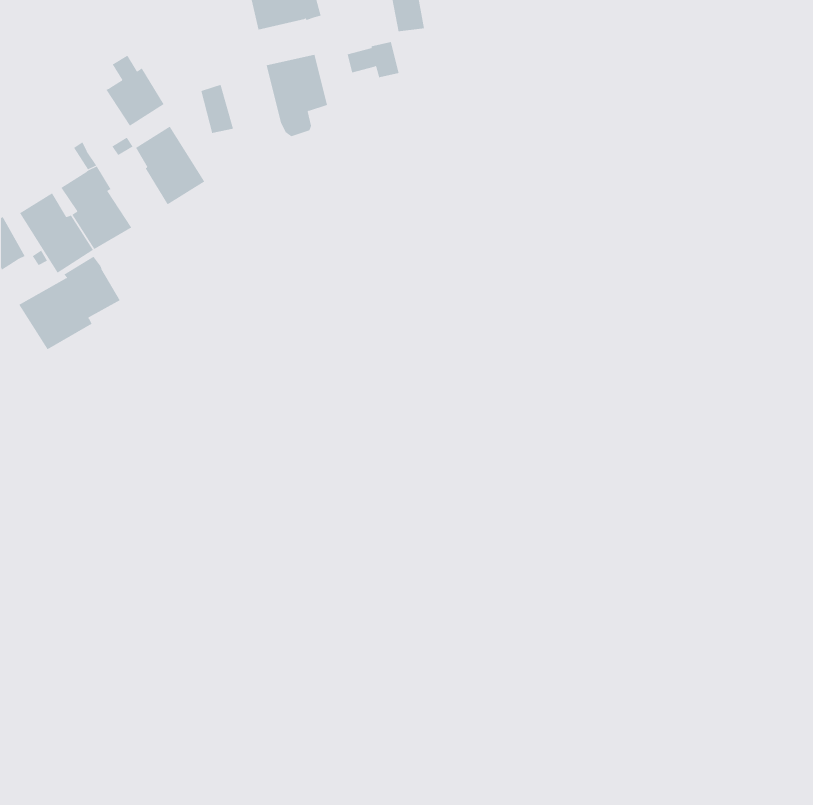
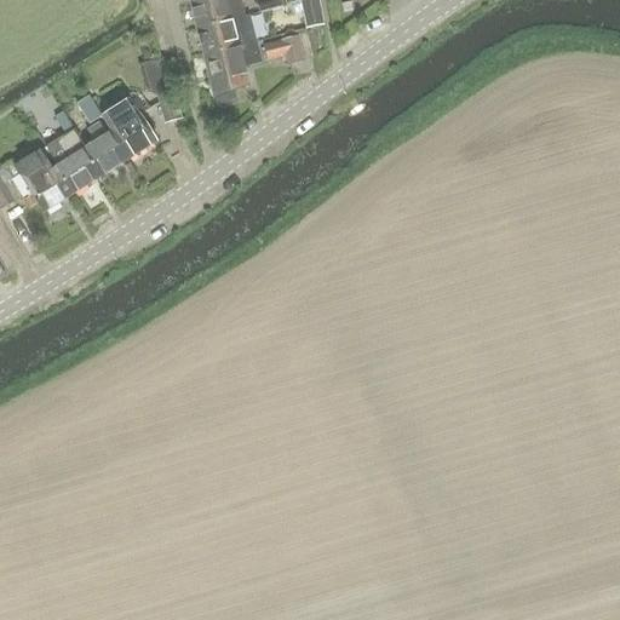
building: none -> [196,11,257,50]
building: [106,55,164,126] -> [82,119,127,173]
building: [19,256,121,350] -> none

